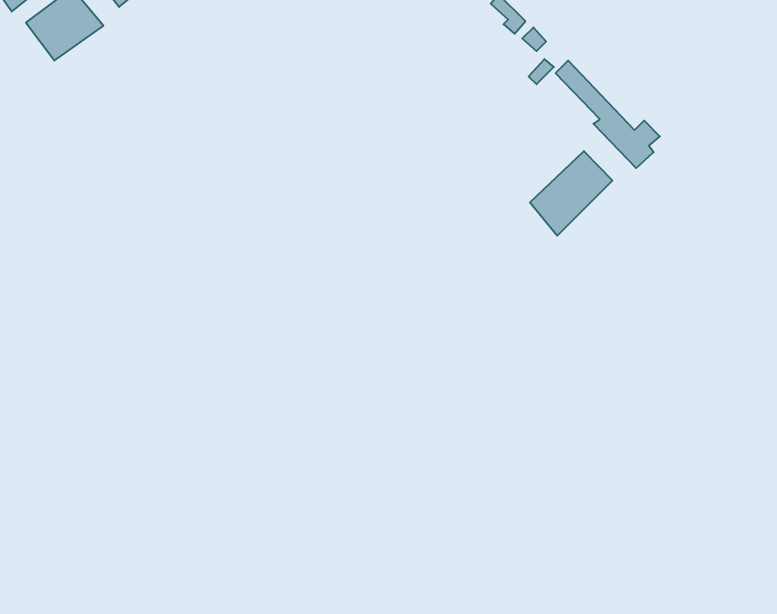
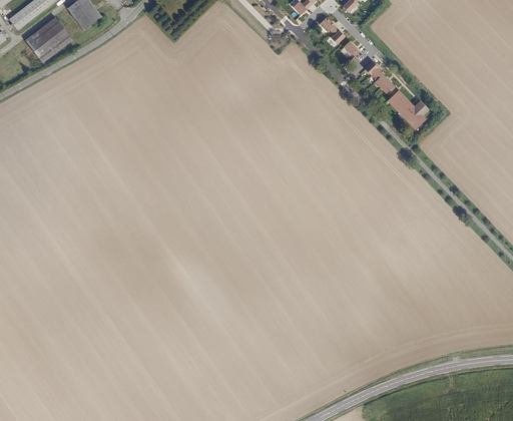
building: [530,151,612,236] -> none

